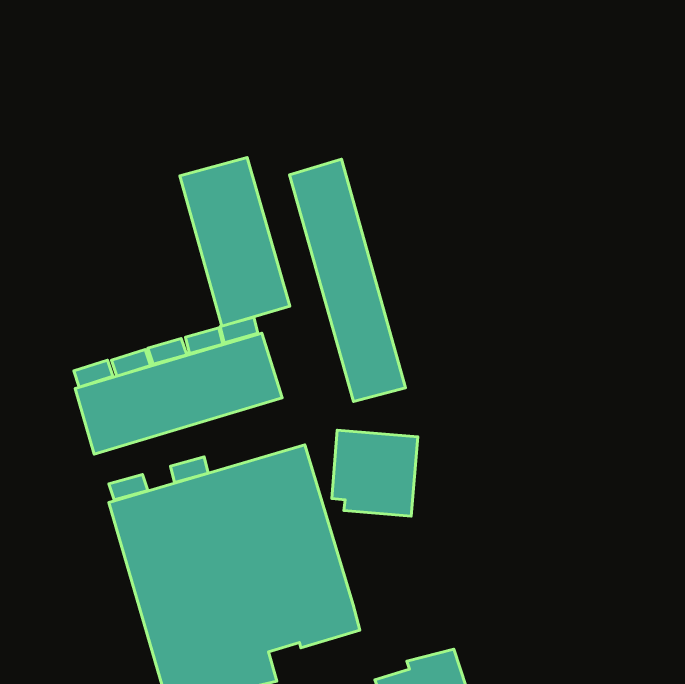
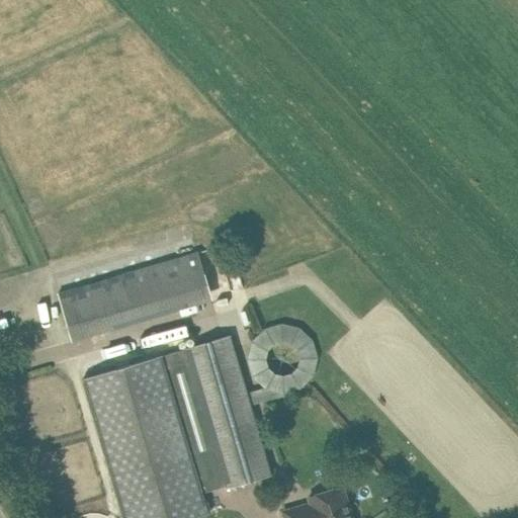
building: [180,158,290,326] -> none
building: [290,159,405,401] -> none

